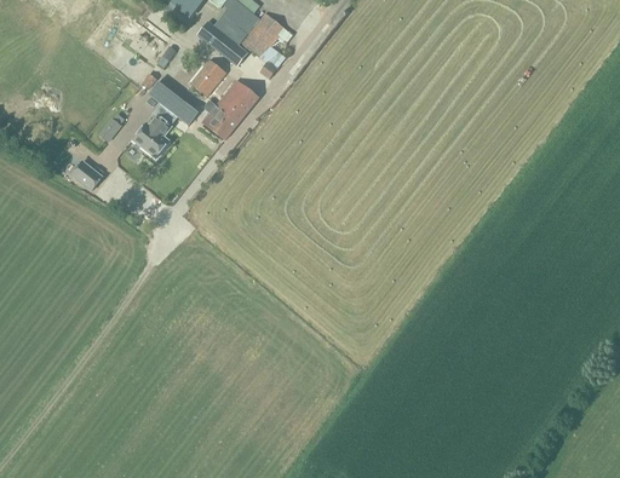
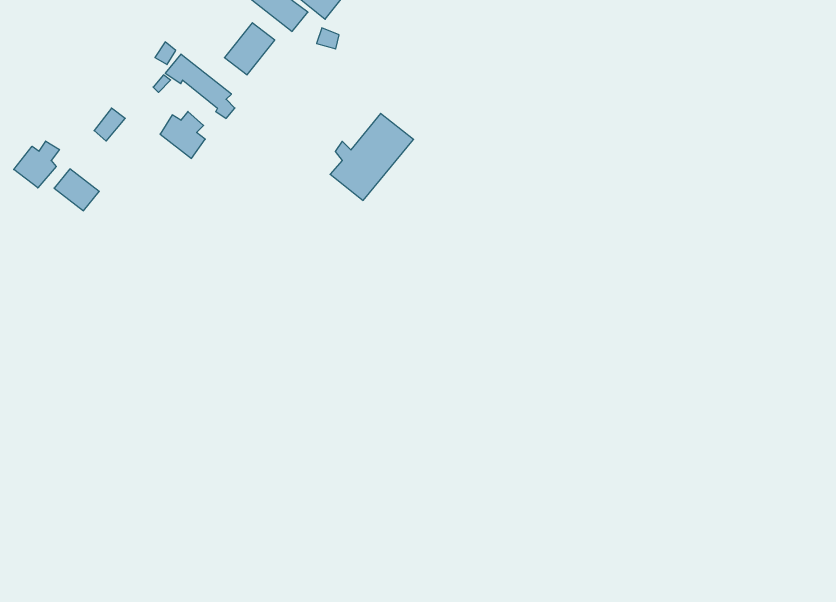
building: [200,80,258,140] -> [330,113,414,200]
building: none -> [14,141,59,188]

